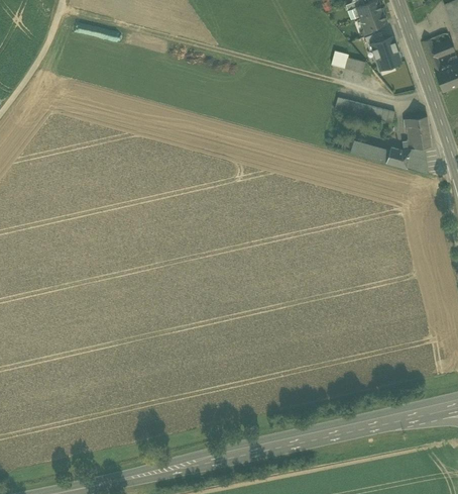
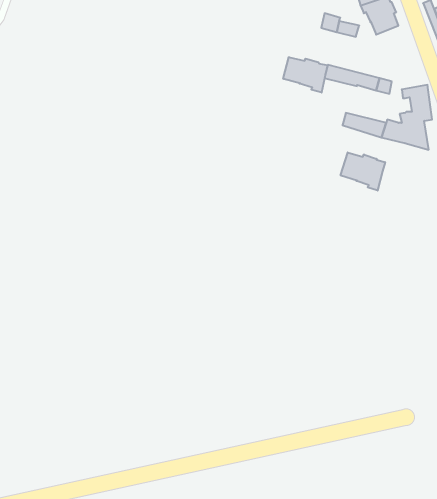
building: none -> [283,57,327,93]
building: none -> [341,152,385,191]

